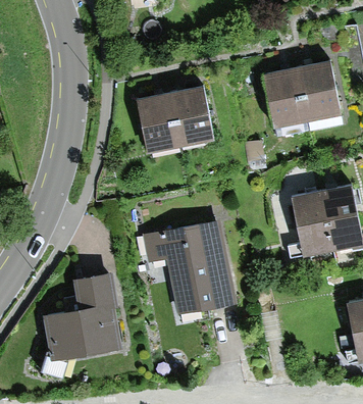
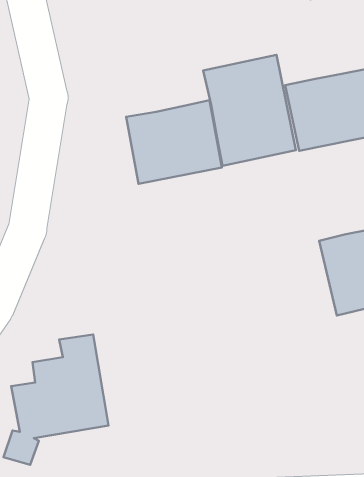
building: none -> [203,55,296,166]
building: [143,220,237,315] -> none

